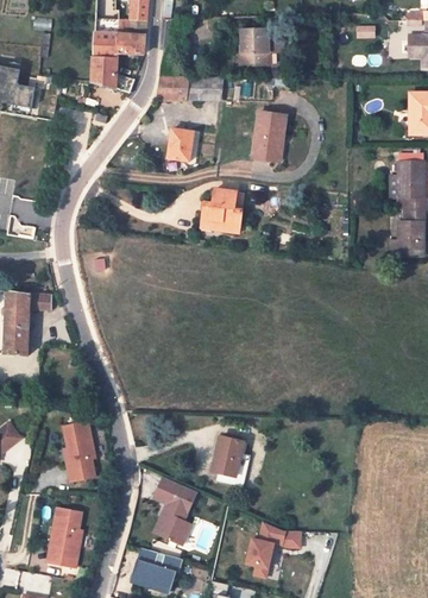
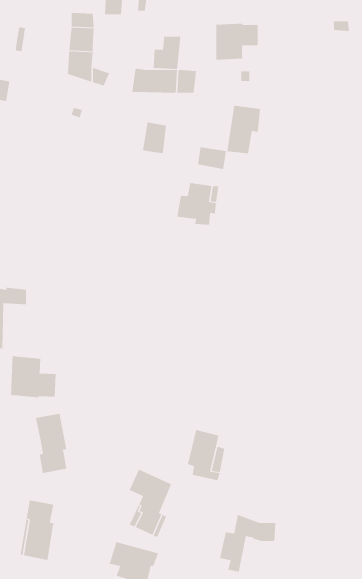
building: [118,21,146,55] -> [153,36,181,70]
building: none -> [198,146,226,170]
building: none -> [11,356,56,398]

